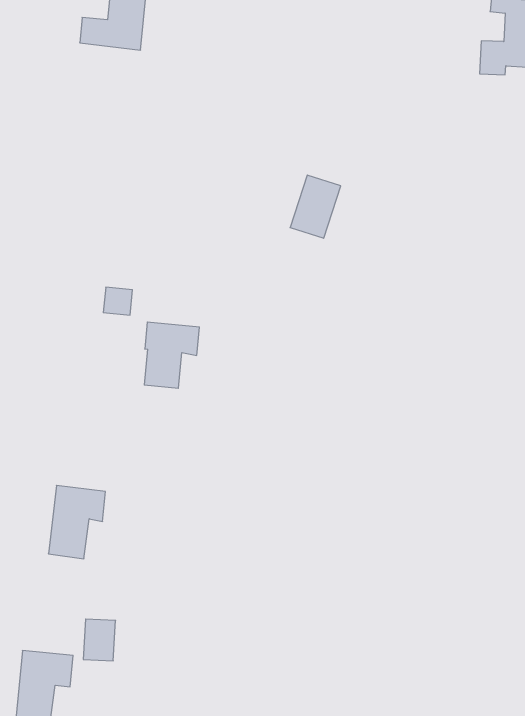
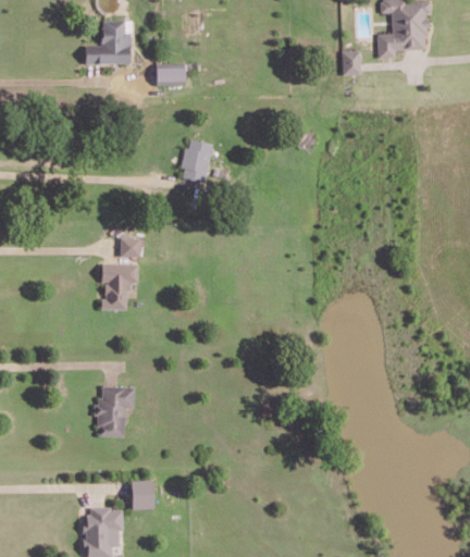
building: none -> [341,50,360,74]
building: none -> [156,69,185,85]
building: [290,175,341,238] -> [181,138,214,183]
building: [144,322,199,388] -> [101,263,139,309]

